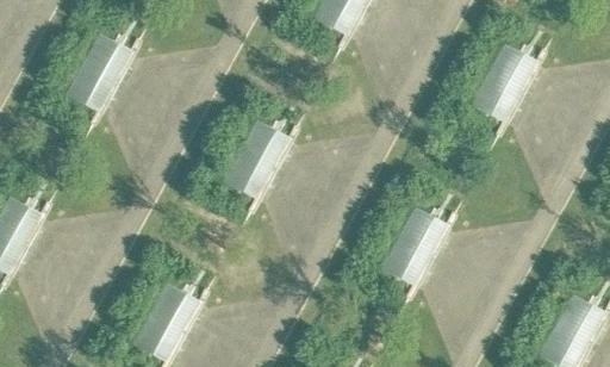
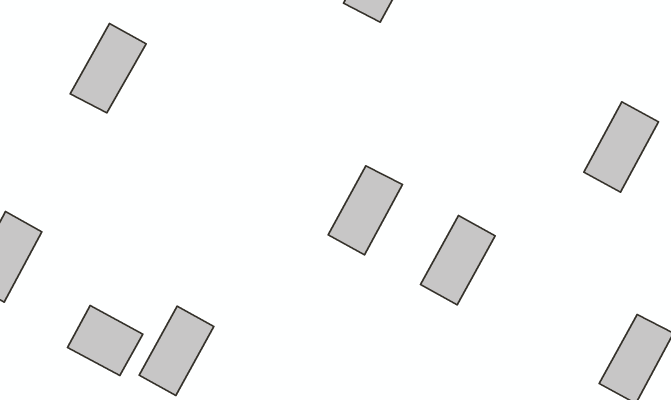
building: [467,41,533,120] -> [584,102,658,192]
building: [220,118,286,197] -> [328,166,403,255]
building: none -> [68,305,143,375]

